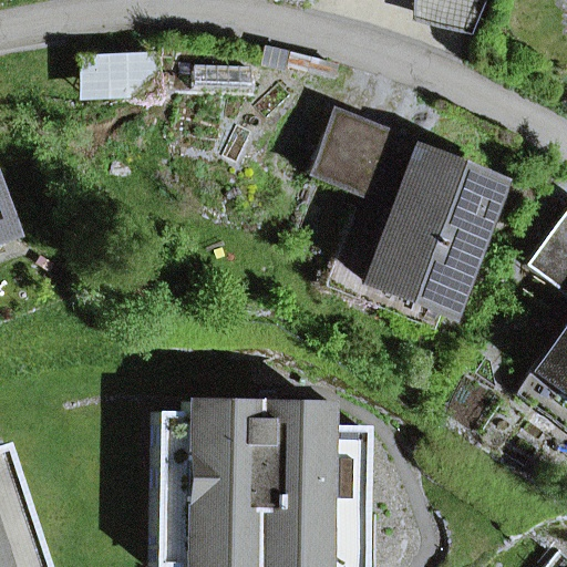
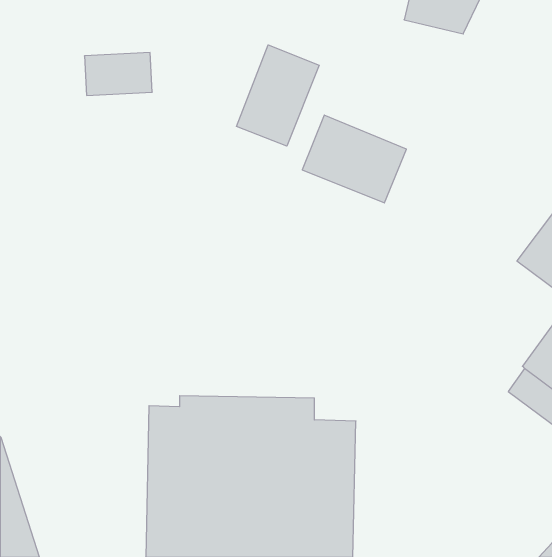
building: none -> [237,45,319,146]
building: [367,151,497,310] -> none

